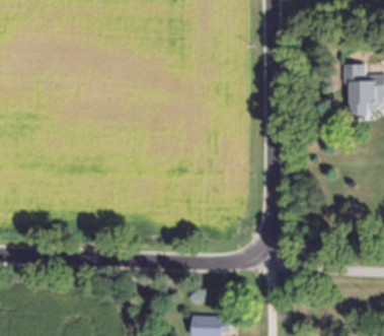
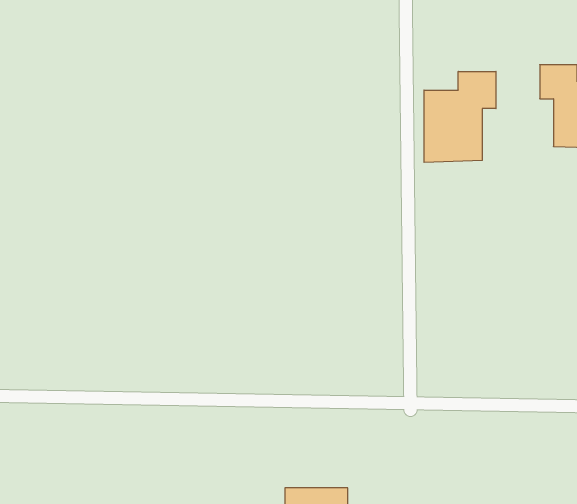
building: none -> [424,71,496,162]

